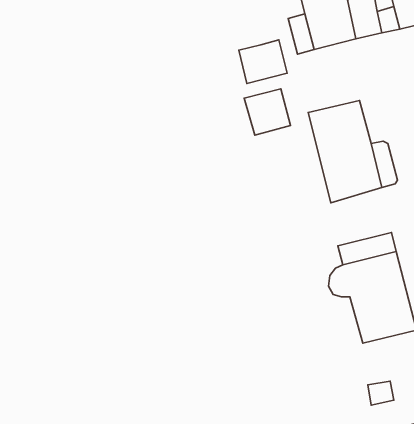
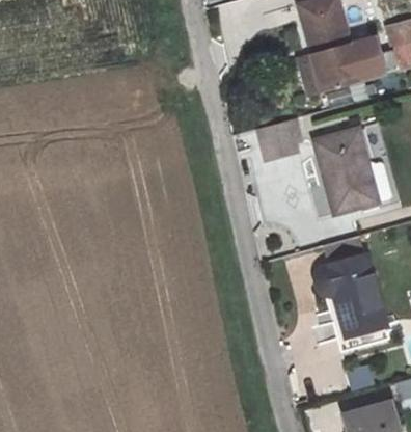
building: [239,40,287,83] -> none

